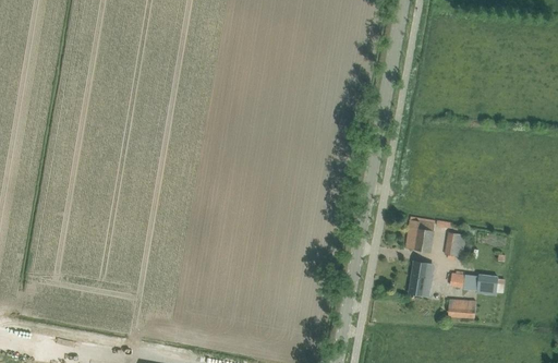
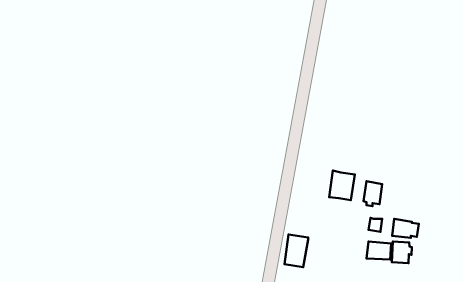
building: [409,261,435,297] -> [284,234,308,267]
building: none -> [392,242,412,263]

